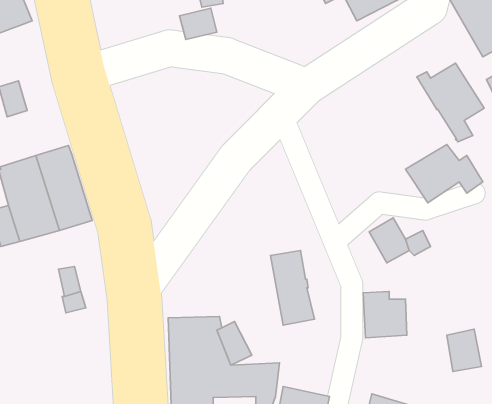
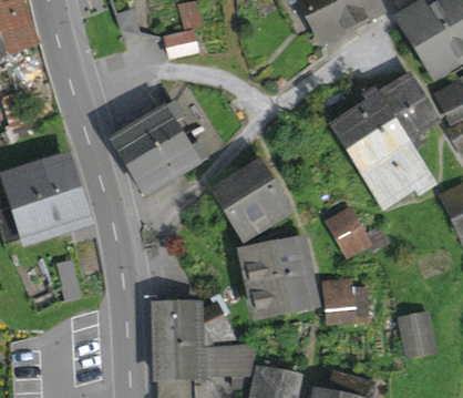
building: none -> [336,90,410,173]
building: none -> [112,105,203,195]
building: none -> [214,162,288,239]
building: none -> [271,239,310,306]

